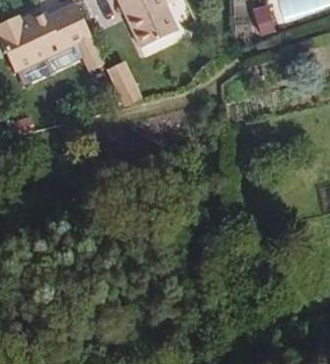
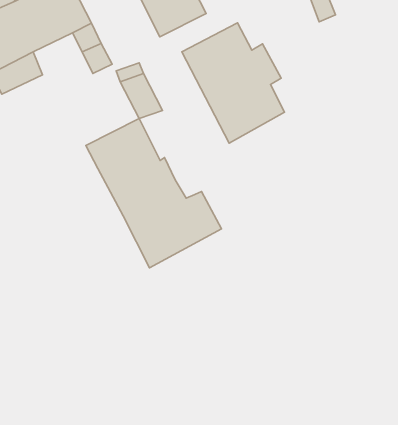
building: none -> [182,23,285,143]
building: none -> [86,119,222,268]

